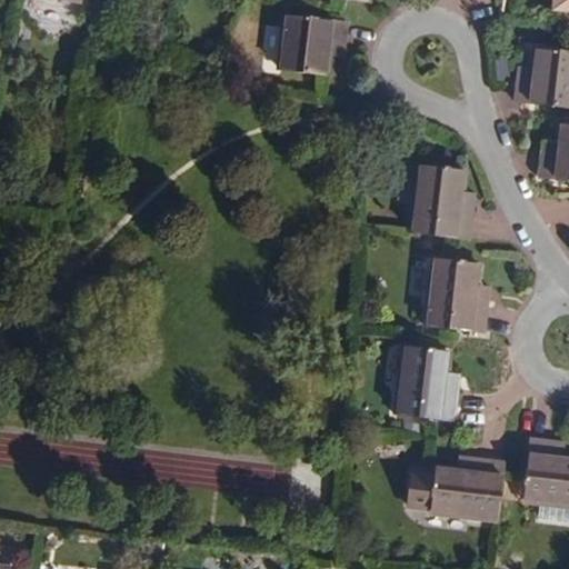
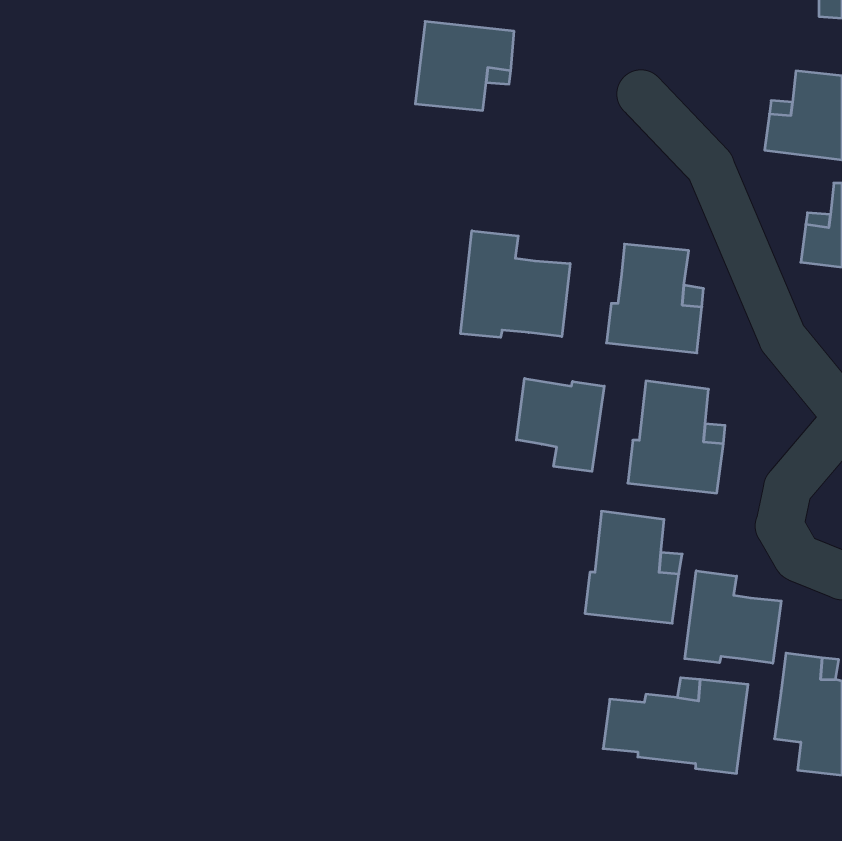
building: none -> [461,231,570,337]
building: none -> [516,378,604,471]
building: none -> [685,571,781,663]

